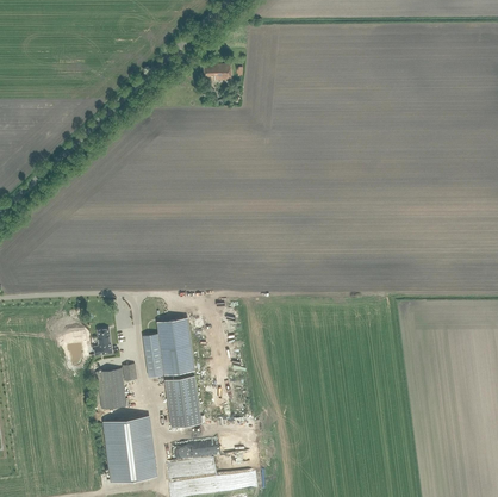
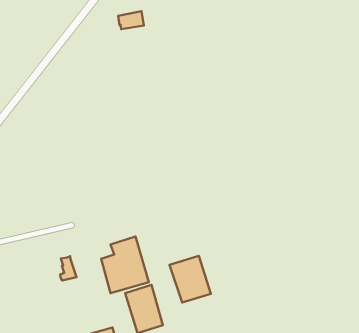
building: none -> [169,256,211,302]
building: [97,365,137,410] -> none

